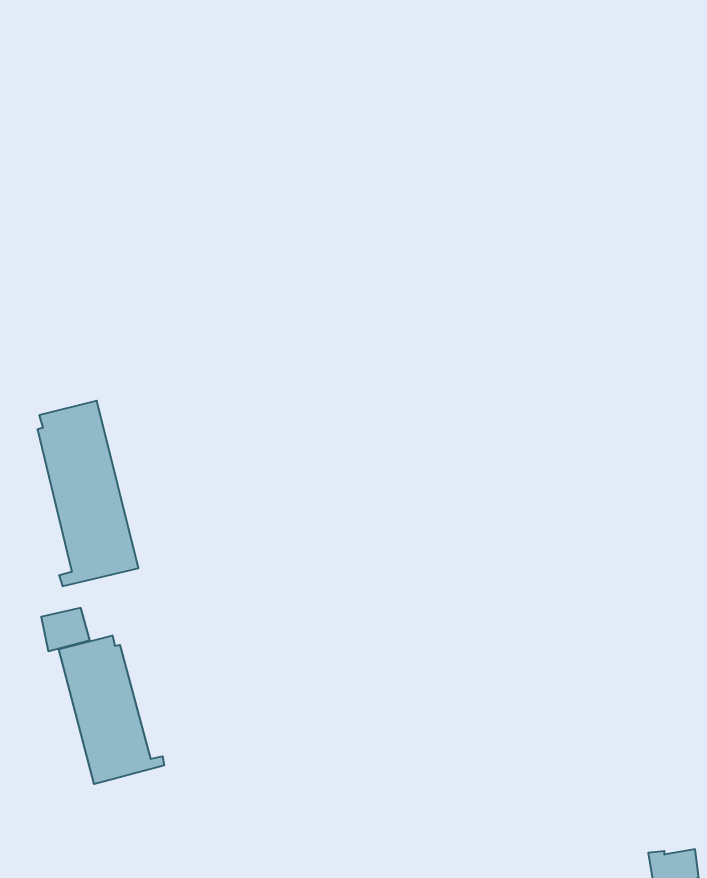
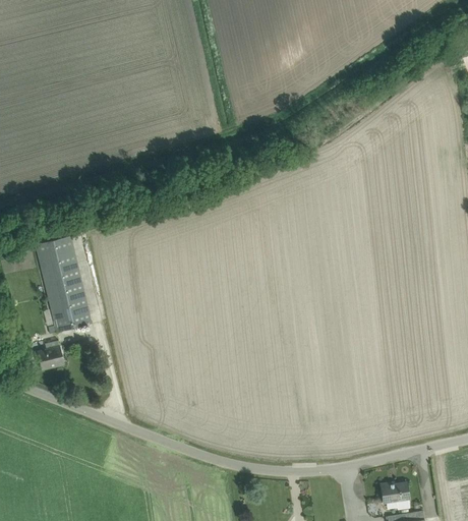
building: [59,635,164,784] -> none

